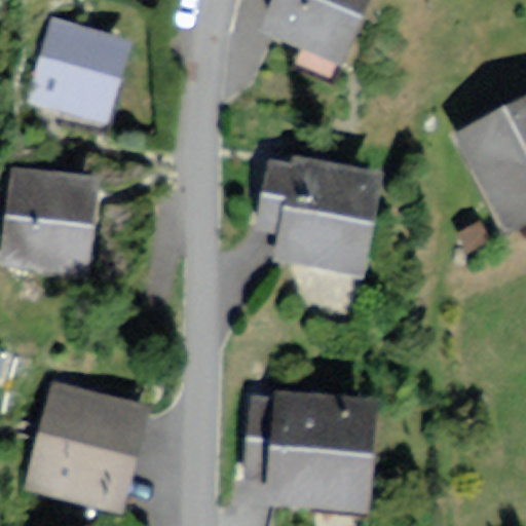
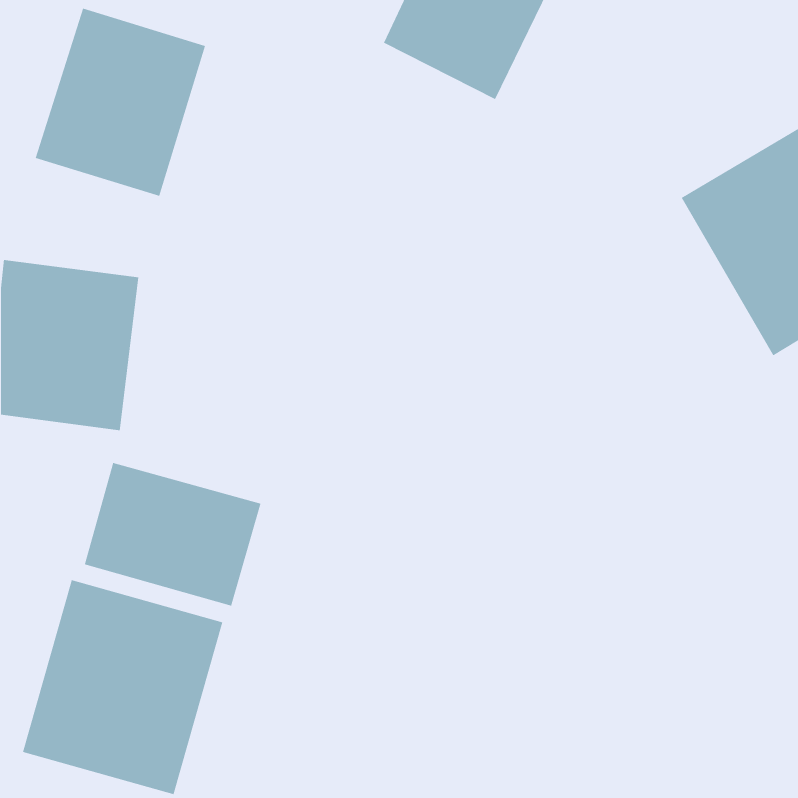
building: [257,159,367,276] -> none
building: none -> [84,462,261,607]
building: [257,383,372,514] -> none

